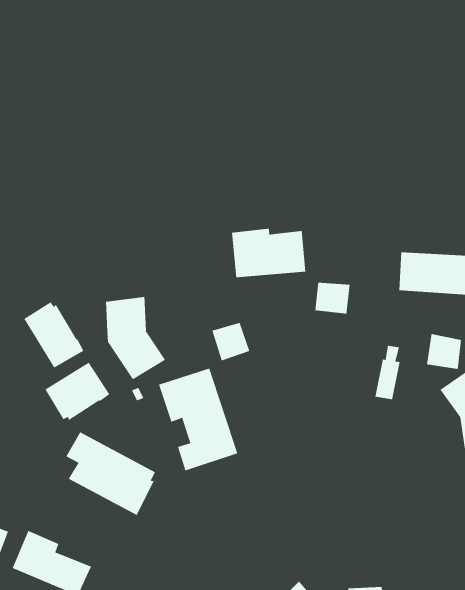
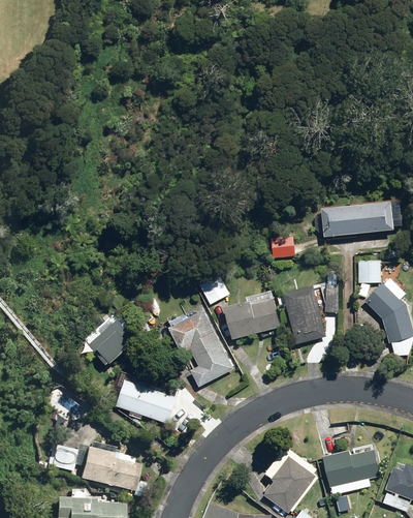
building: [231,228,306,278] -> [225,298,283,339]
building: [106,296,166,380] -> none
building: [23,301,84,368] -> none
building: none -> [280,287,324,346]

